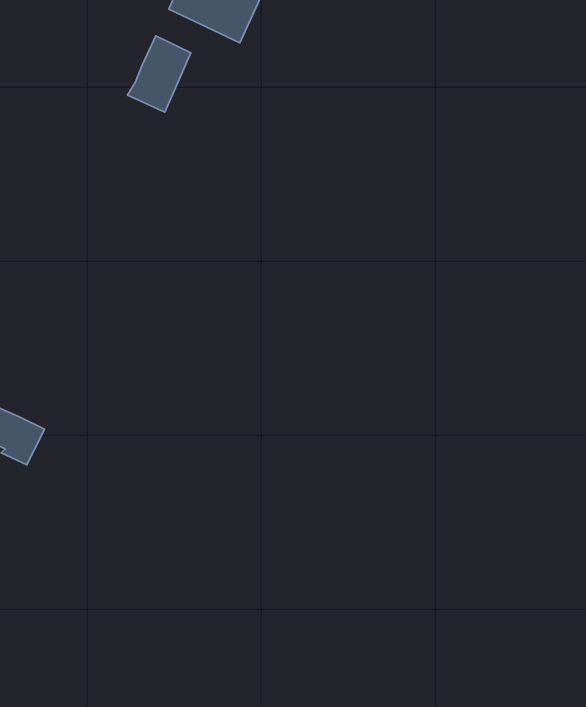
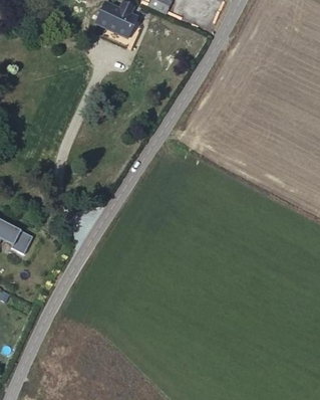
building: [127,36,191,112] -> none

